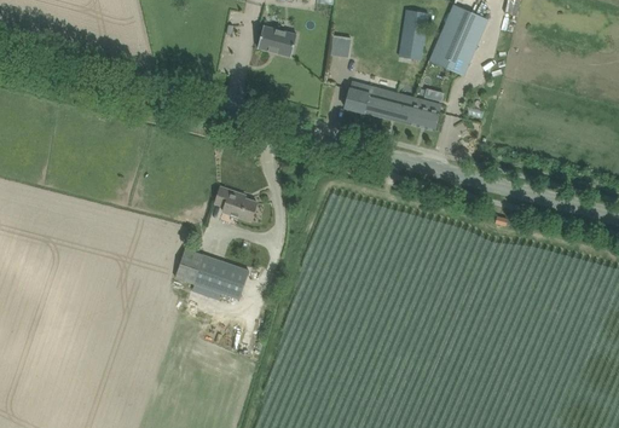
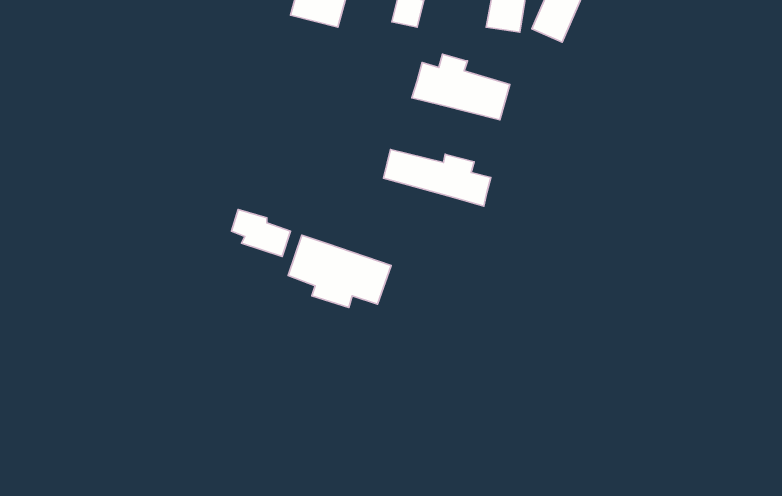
building: [407,98,440,131] -> none
building: none -> [384,150,491,206]
building: [175,249,249,301] -> [288,235,391,308]

